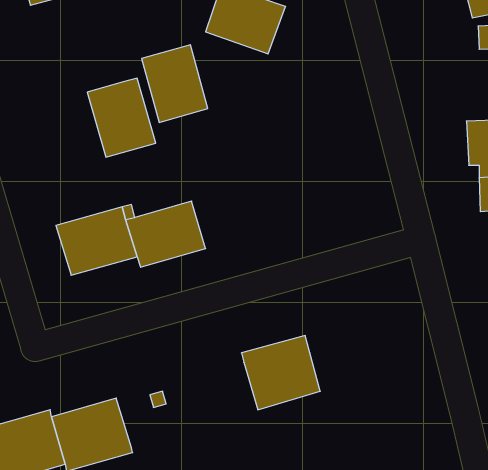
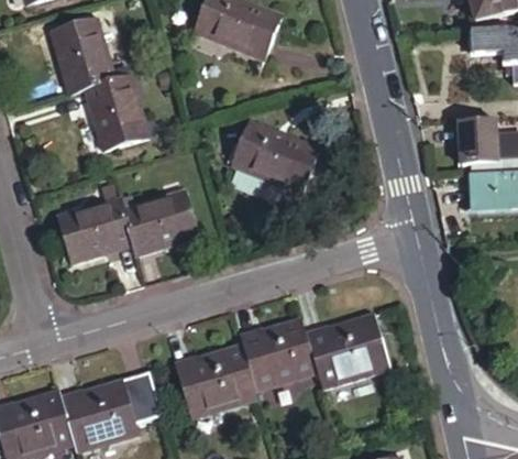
building: [142,45,208,122] -> [64,18,126,91]
building: none -> [243,133,318,199]
building: none -> [304,316,387,389]
building: none -> [173,345,256,416]
building: none -> [120,372,158,426]

